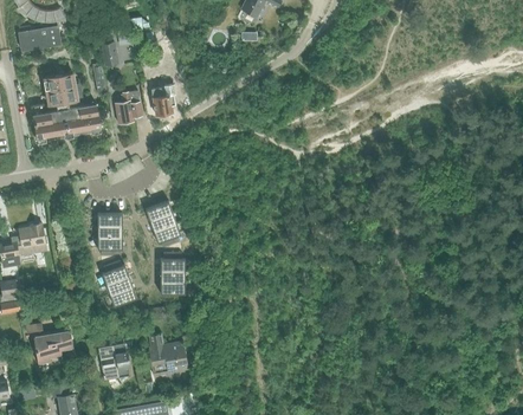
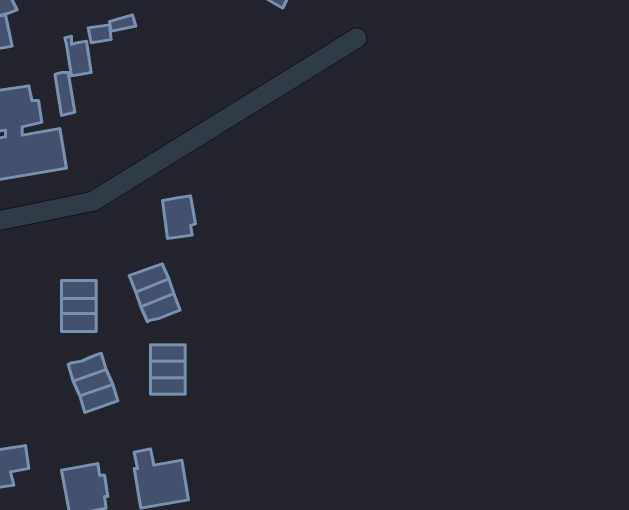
building: [151,84,175,115] -> [163,196,196,239]
building: [115,90,142,123] -> none

